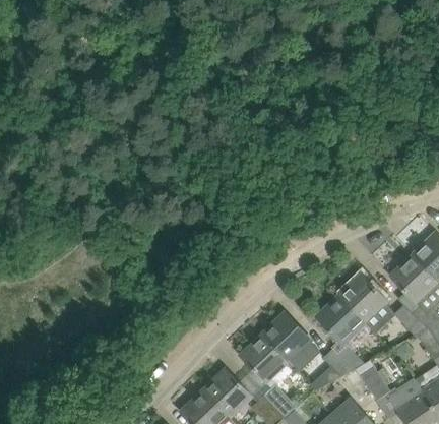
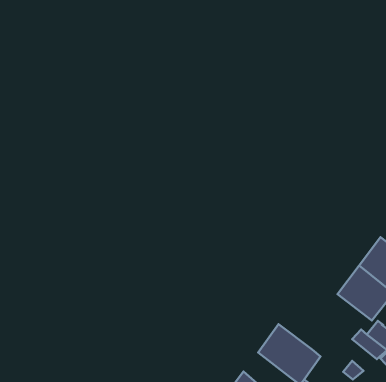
building: [262,312,320,371] -> none

